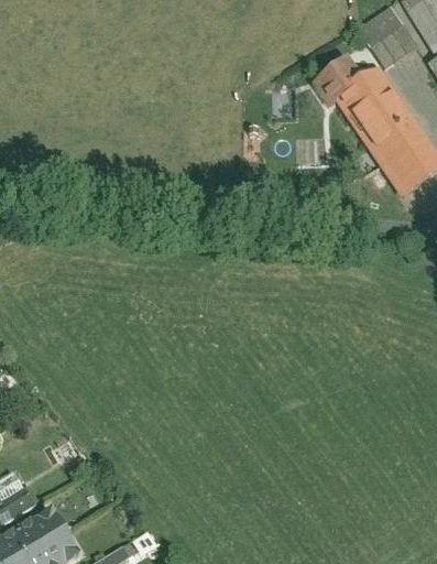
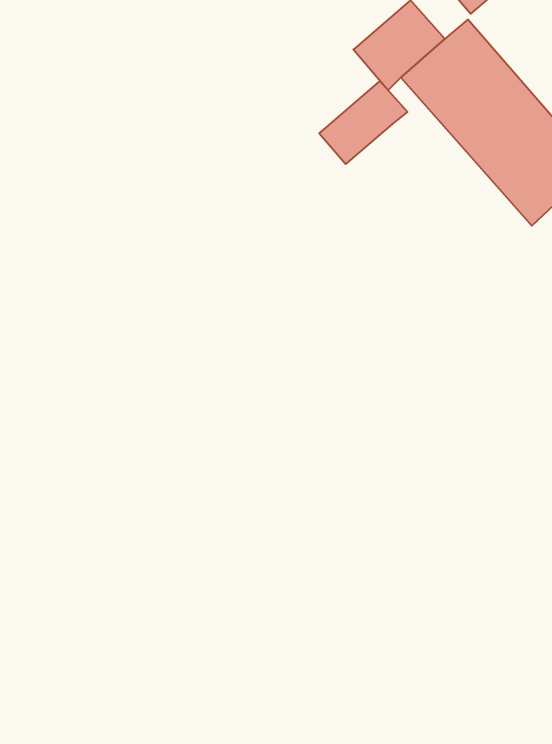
building: none -> [319,81,407,164]

